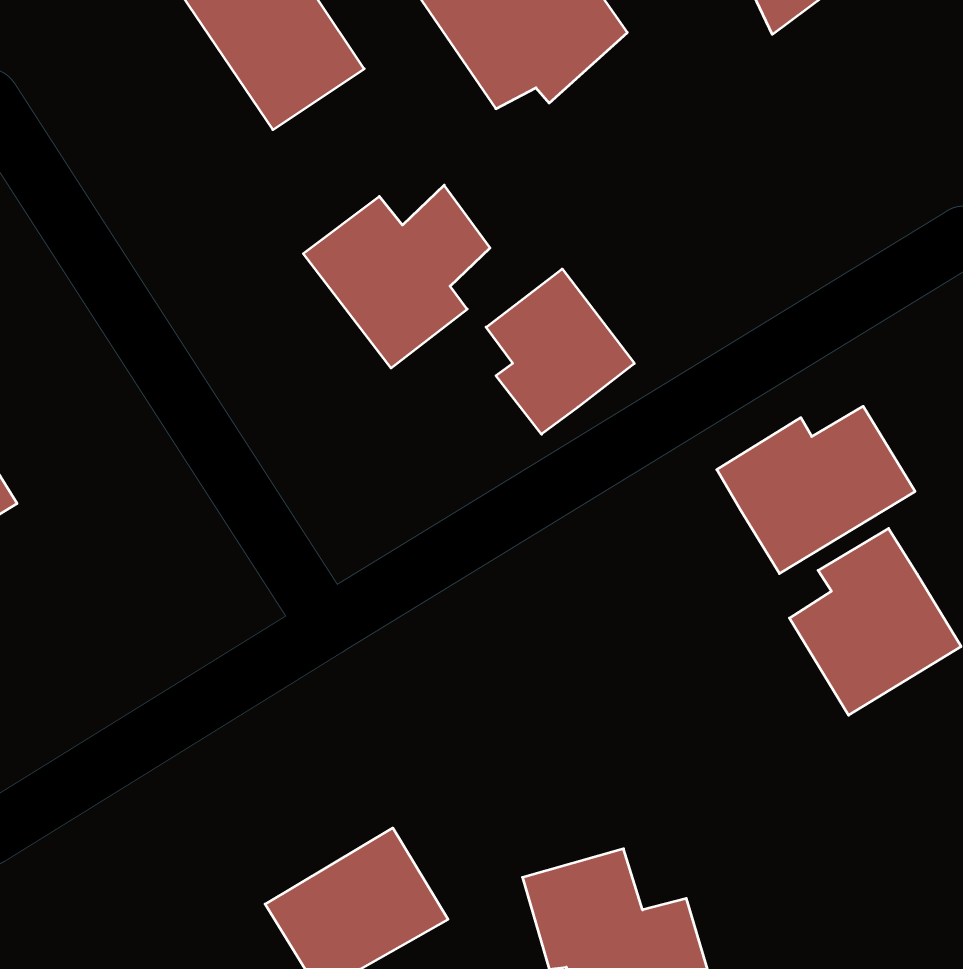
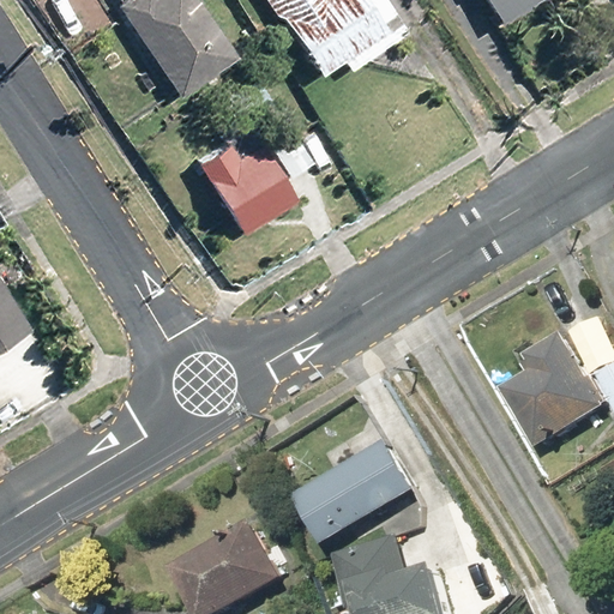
building: [486,269,634,434] -> none
building: [717,406,915,574] -> none
building: none -> [291,439,414,547]

